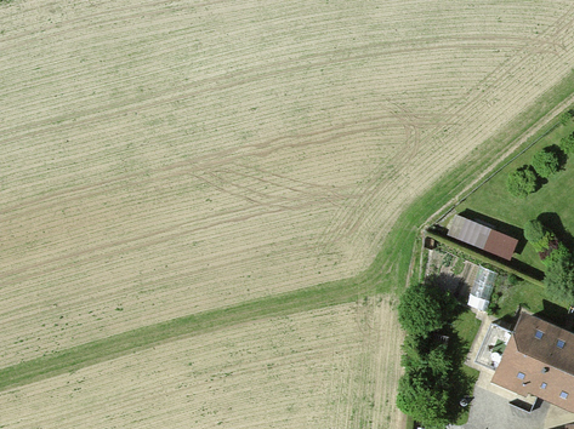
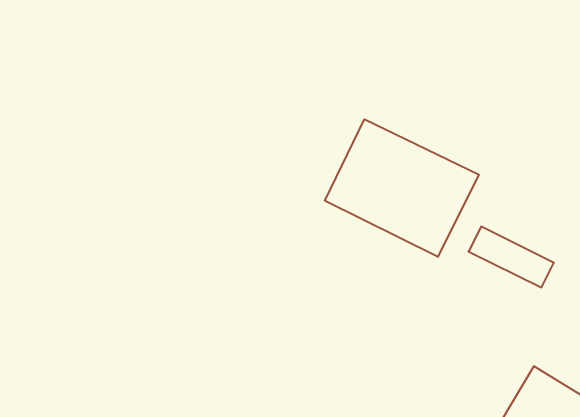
building: none -> [325,119,479,257]

